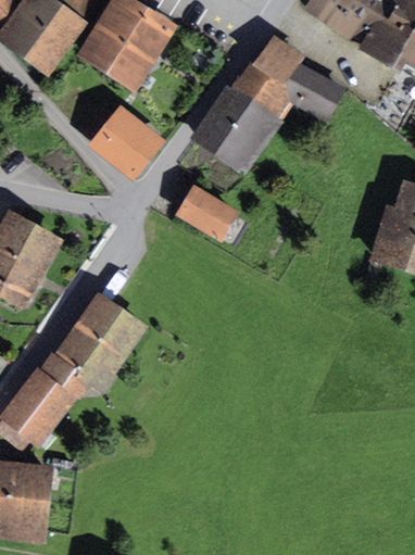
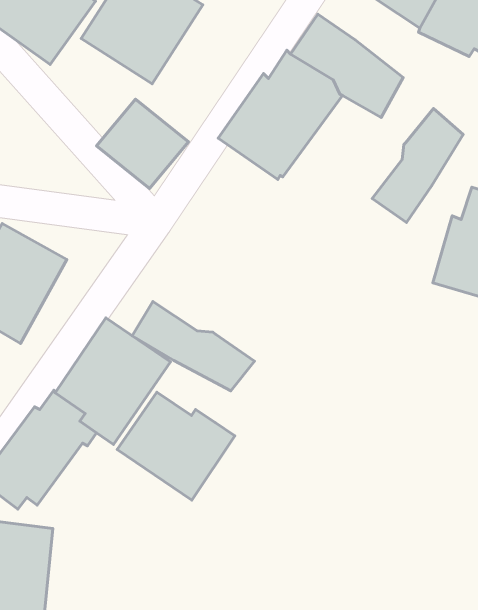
building: none -> [372,108,463,223]
building: [176,184,240,242] -> none
building: none -> [132,301,254,391]
building: none -> [117,392,235,500]

